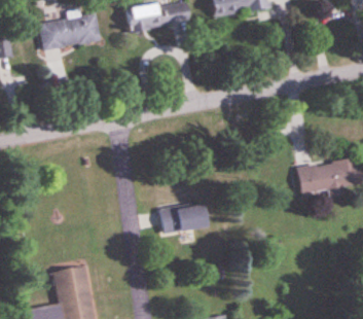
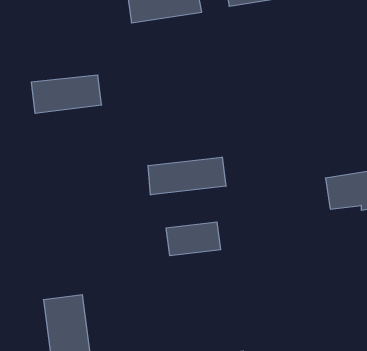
building: [39,16,100,49] -> [31,75,102,113]
building: none -> [148,157,226,195]

